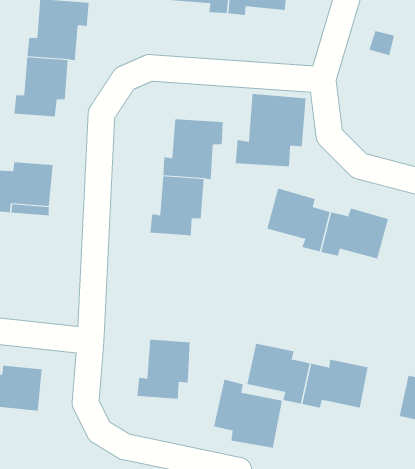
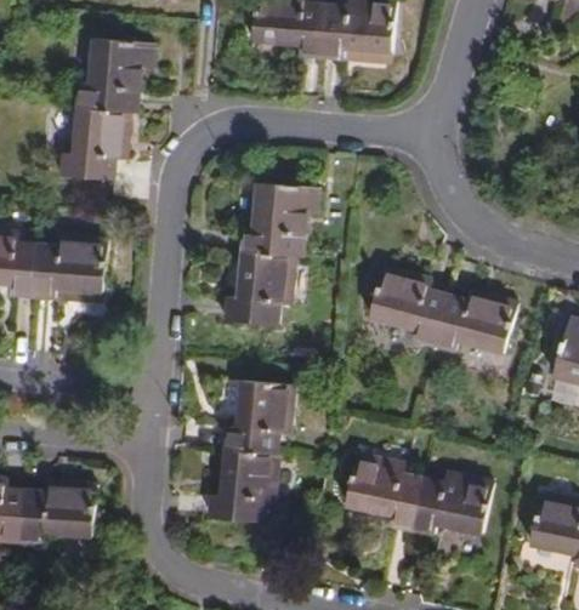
building: [235,93,306,167] -> none
building: none -> [226,383,291,455]
building: [214,379,283,449] -> none

